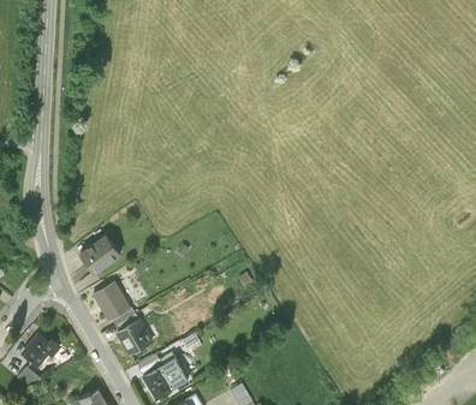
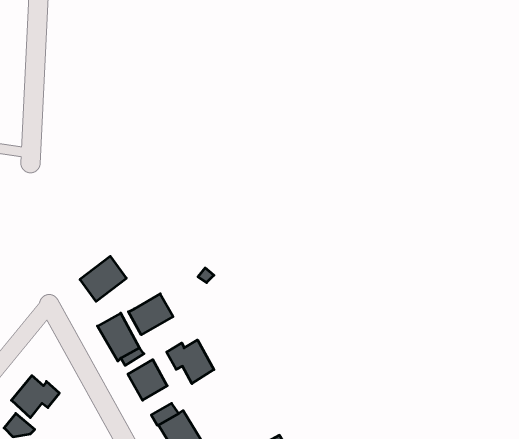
building: none -> [128,294,173,335]
building: none -> [167,340,214,384]

